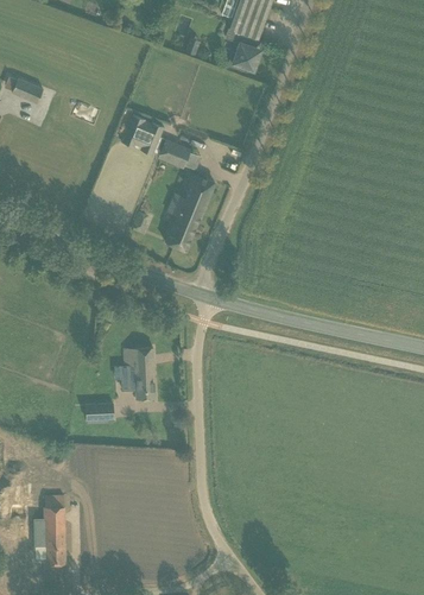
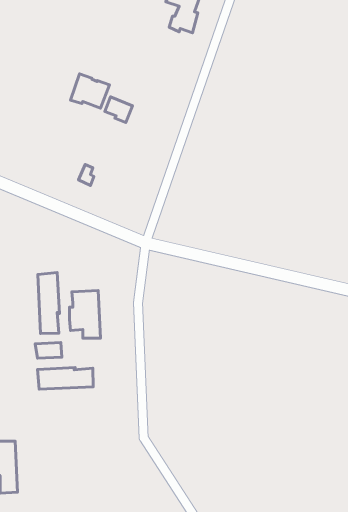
building: [163,172,213,249] -> none
building: none -> [38,273,60,334]
building: none -> [37,367,93,389]

